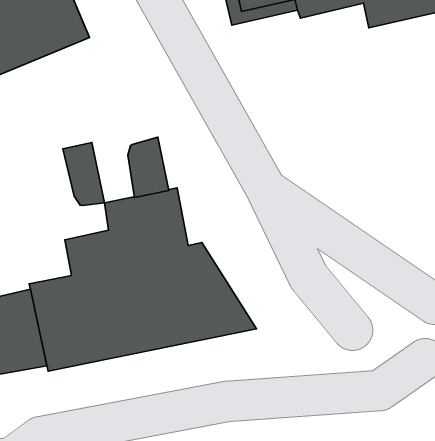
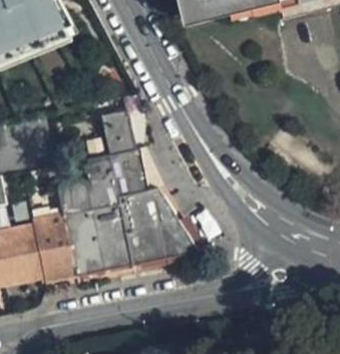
building: [63,142,104,205] -> none

